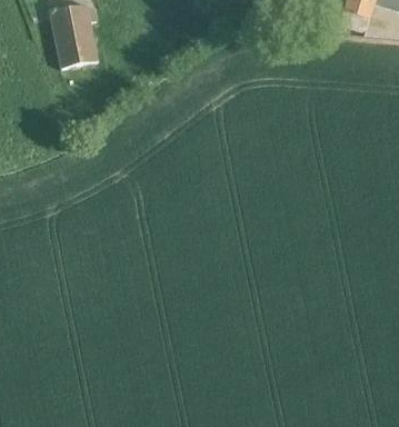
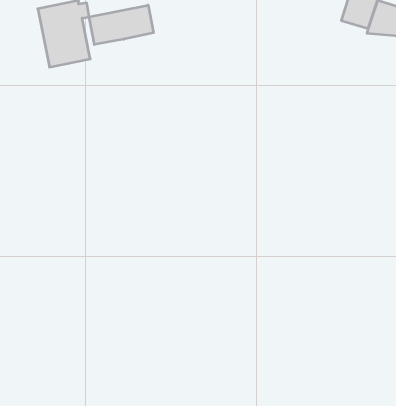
building: none -> [89,5,153,45]

